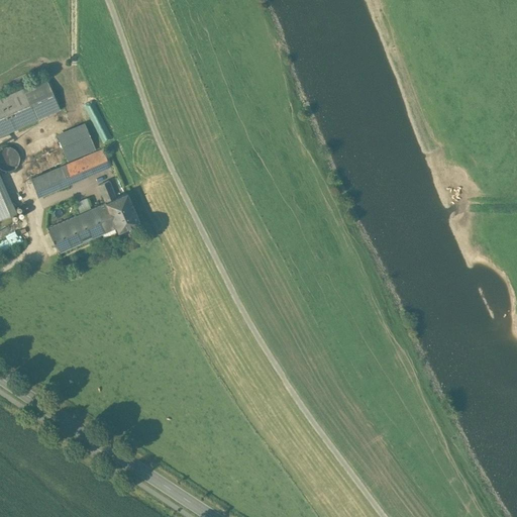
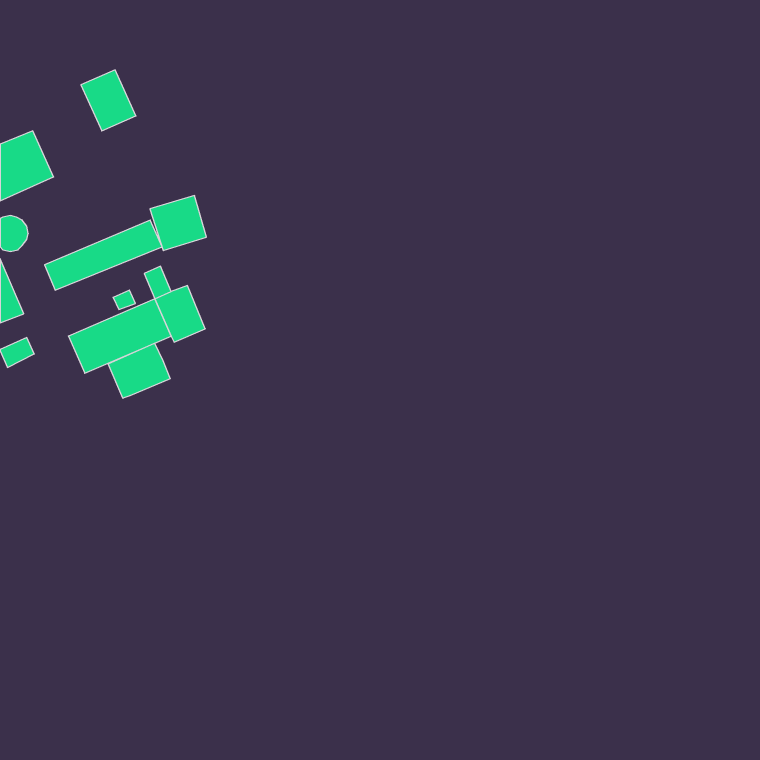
building: [22,79,60,120] -> [81,70,136,131]
building: [58,123,96,161] -> [150,196,206,251]
building: none -> [108,343,170,398]

